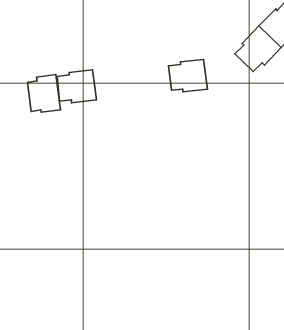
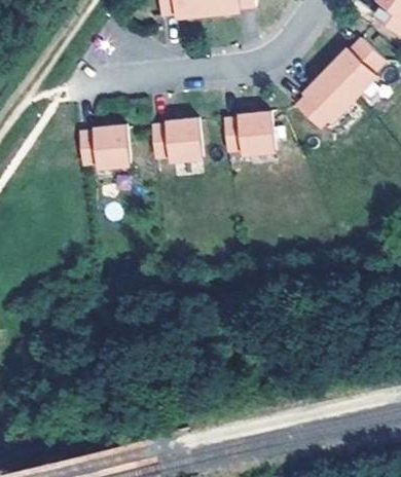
building: none -> [147,117,197,159]
building: [27,75,61,112] -> none

